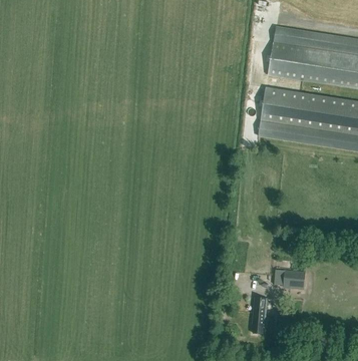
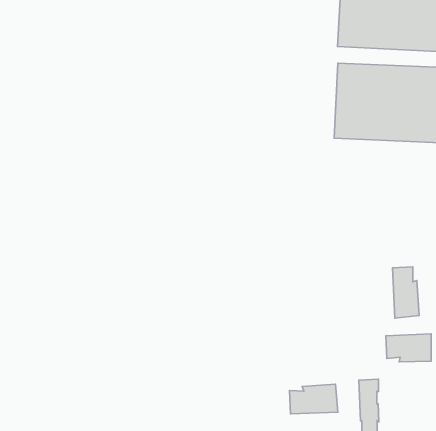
building: none -> [393,267,419,318]
building: none -> [290,384,338,414]

